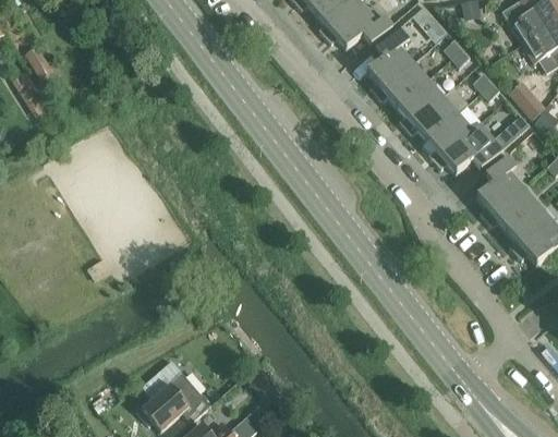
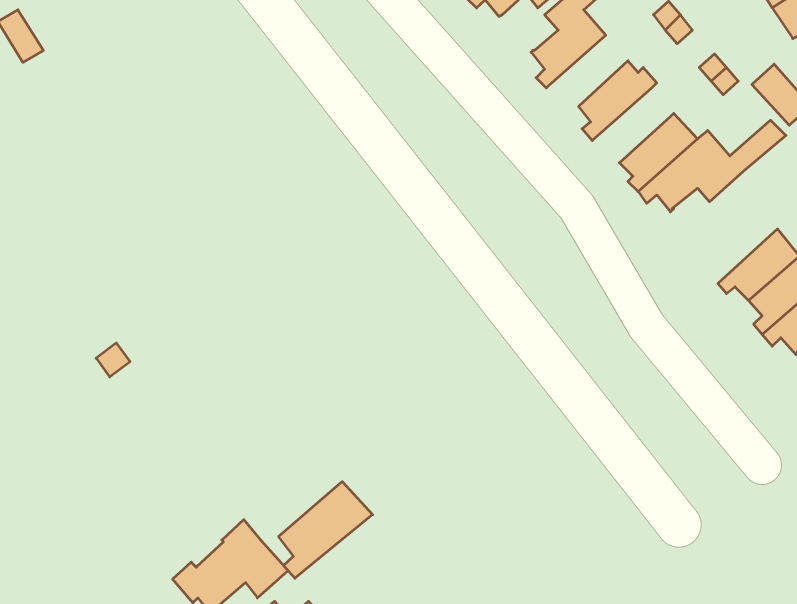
building: [376,61,428,107] -> none
building: [405,95,458,143] -> none
building: [476,154,524,220] -> none
building: none -> [279,482,373,578]

